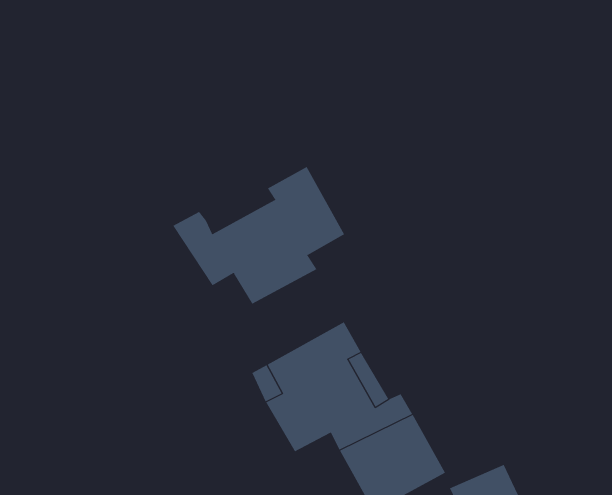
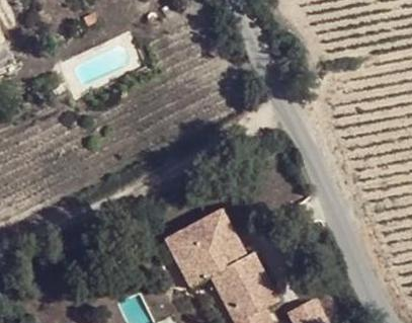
building: [172,166,345,304] -> none

